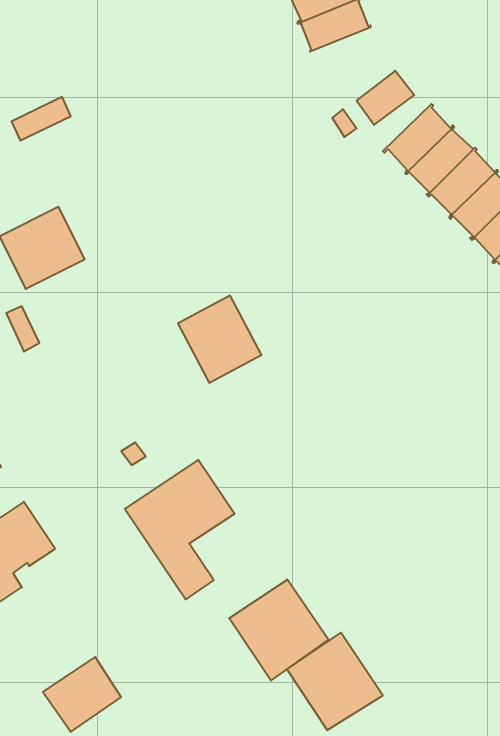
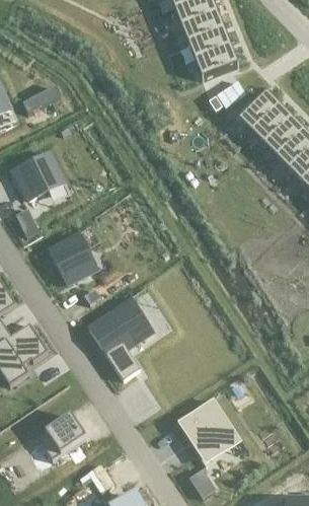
building: none -> [195,47,237,78]
building: [178,296,262,383] -> [48,232,96,283]
building: [229,579,328,681] -> none

